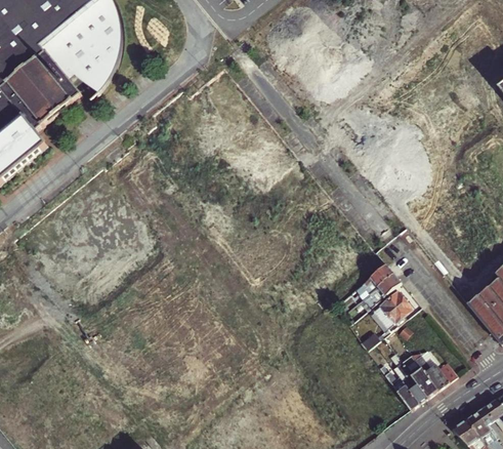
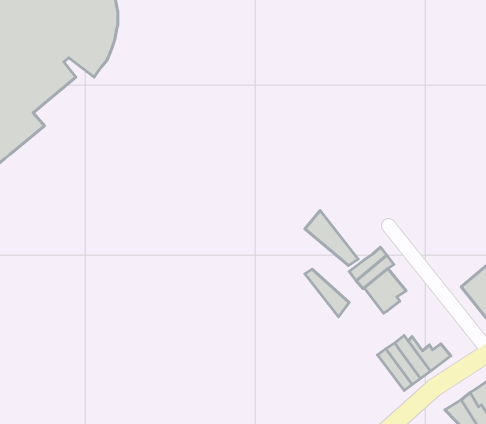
building: none -> [305,210,358,266]
building: none -> [305,269,349,317]

